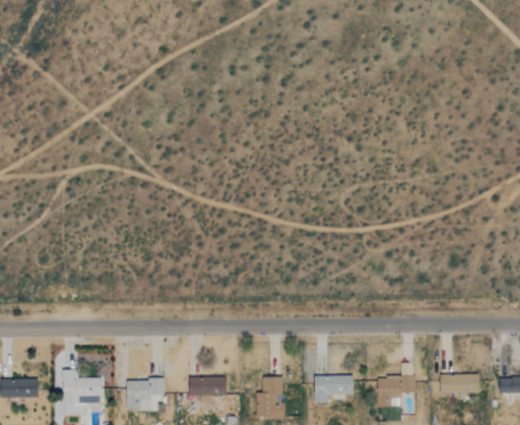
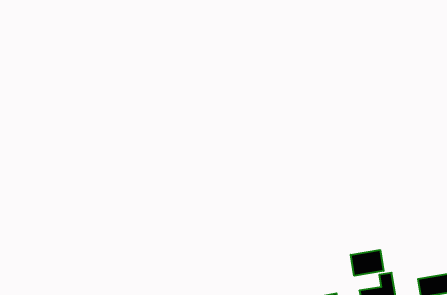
building: none -> [351,250,384,276]

